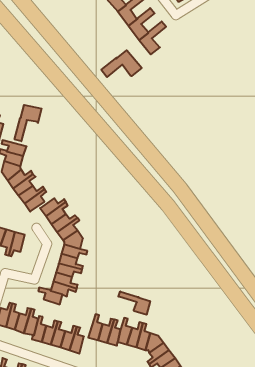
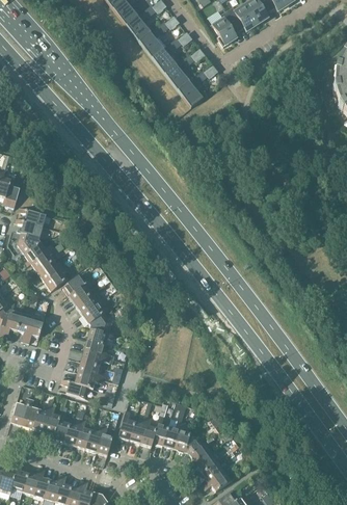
building: [101,50,142,77] -> none
building: [15,105,42,141] -> none
building: [118,291,150,315] -> none

